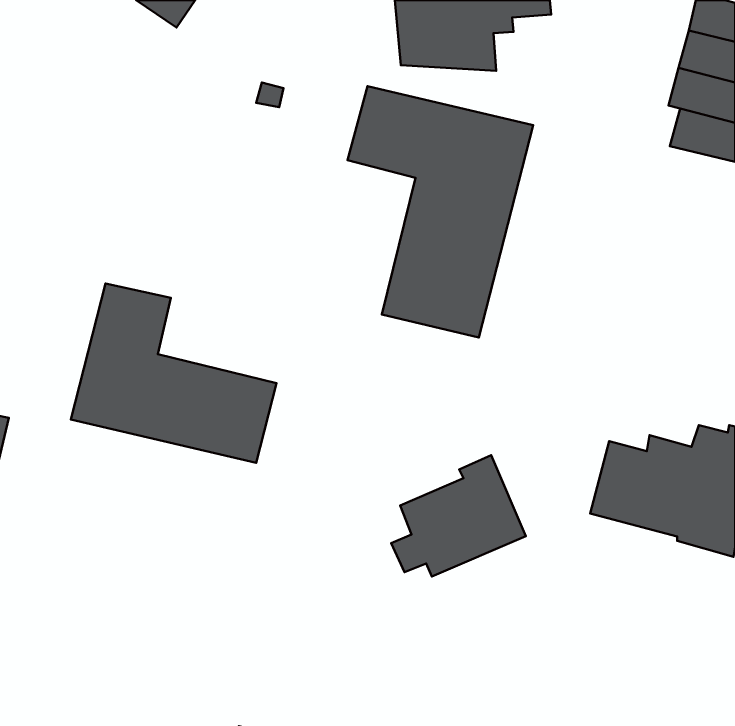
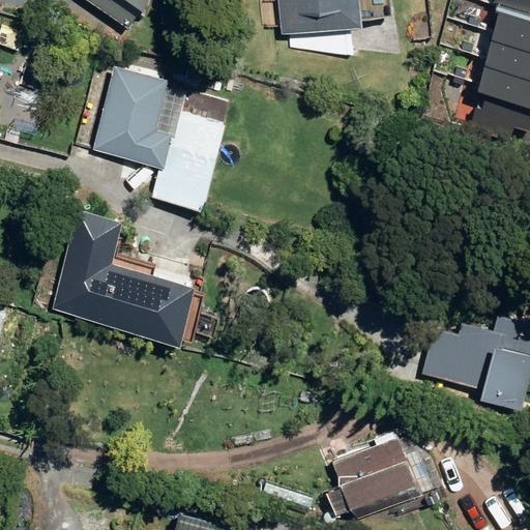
building: none -> [93,67,226,207]
building: [348,86,533,338] -> none
building: [391,455,526,576] -> [328,429,424,516]

